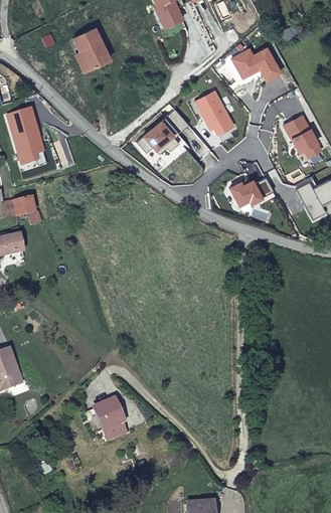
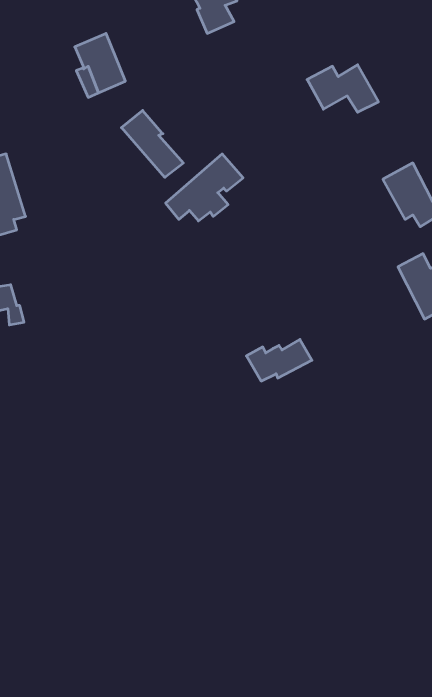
building: none -> [121,110,183,177]
building: [195,91,233,135] -> none
building: [228,177,273,205] -> [246,339,312,381]
building: [95,398,127,440] -> none

